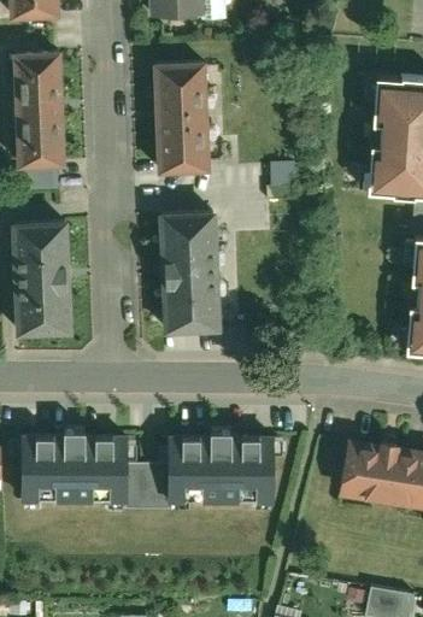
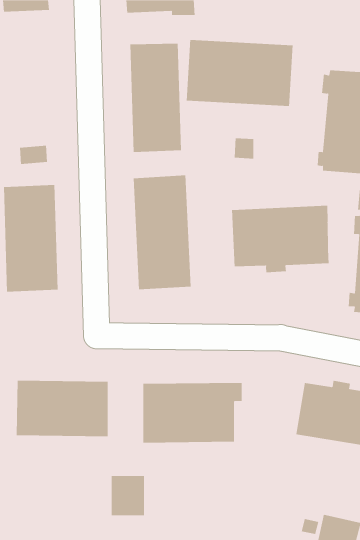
building: [12,42,65,166] -> none
building: none -> [186,39,293,107]
building: none -> [231,205,329,273]
building: [129,462,168,507] -> [111,476,145,516]

